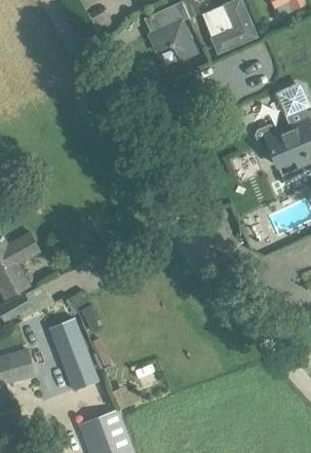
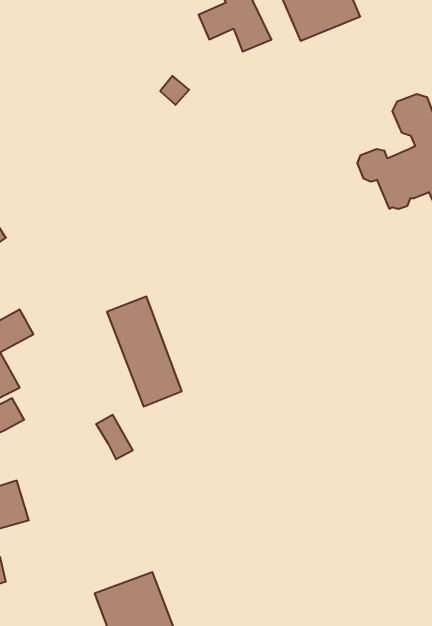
building: [48,317,99,391] -> [107,297,182,407]

